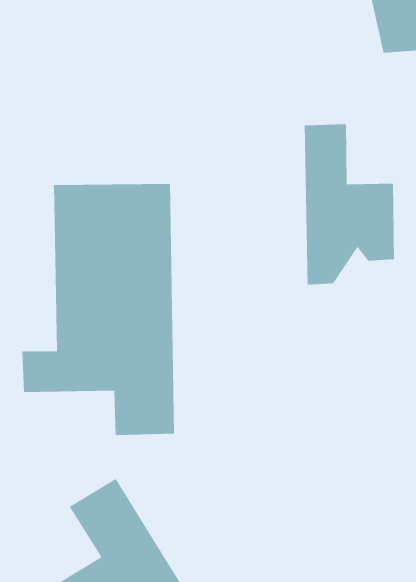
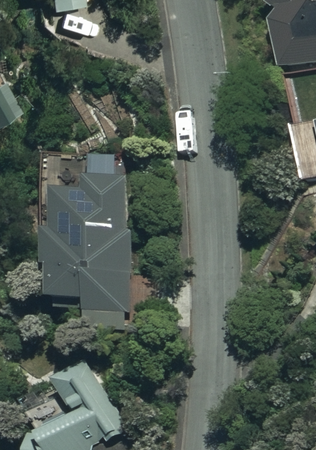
building: [304,124,395,286] -> none

